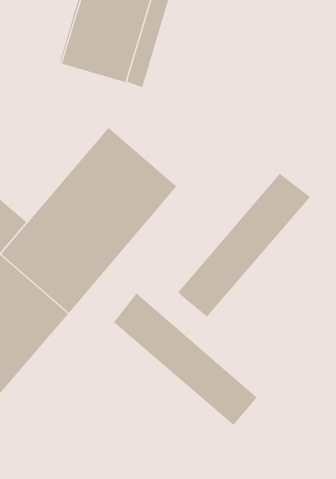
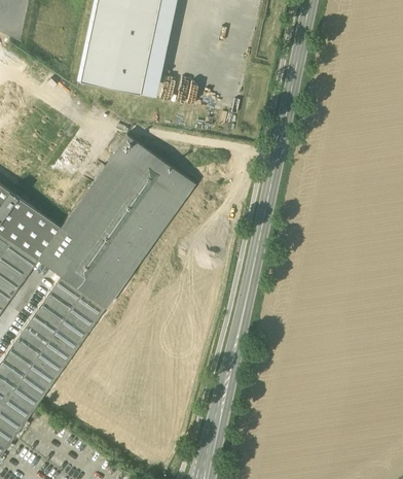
building: [177,173,311,317] -> none
building: [113,293,257,426] -> none

